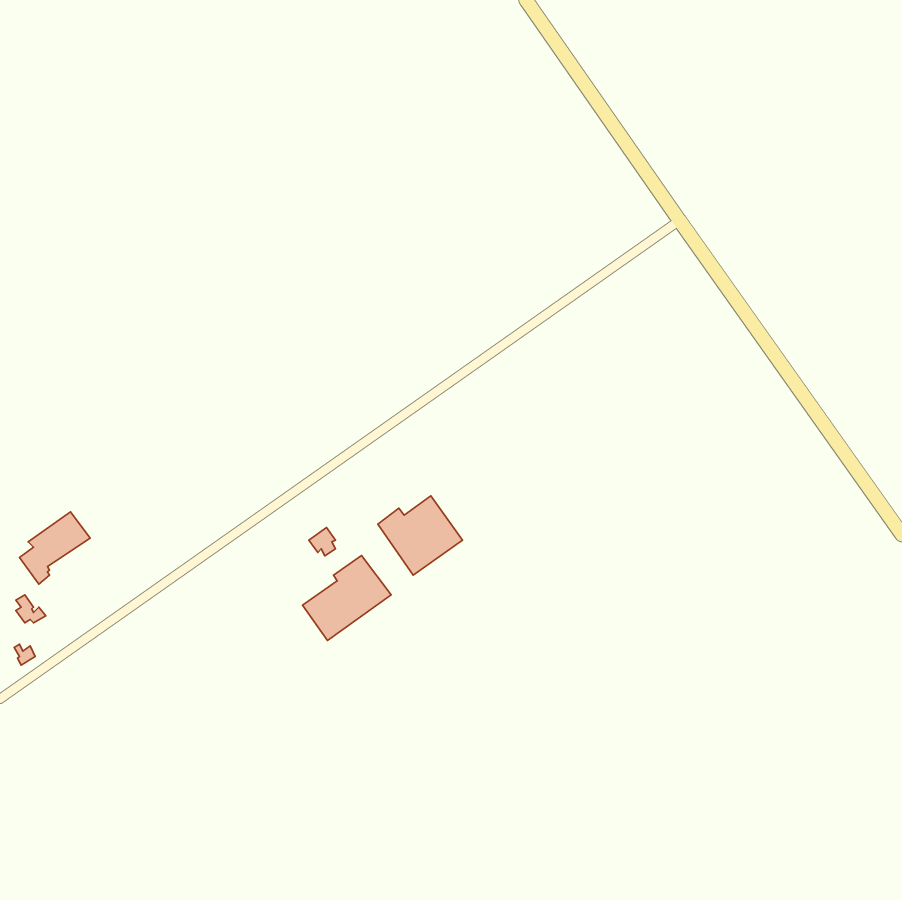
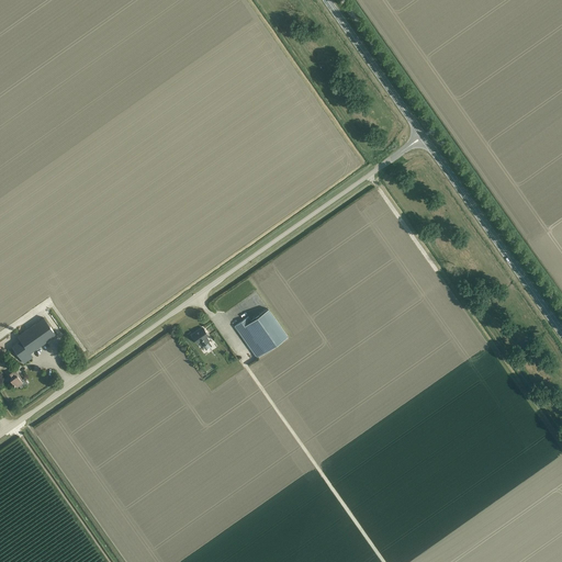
building: [303,556,391,640] -> none

